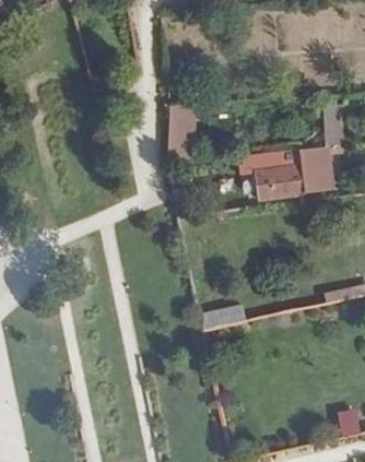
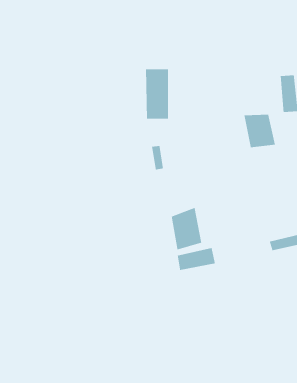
building: [235,156,285,201] -> none
building: none -> [171,207,202,250]

